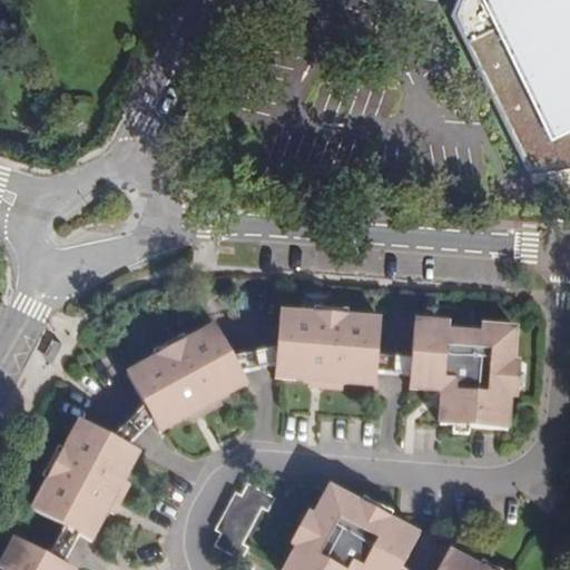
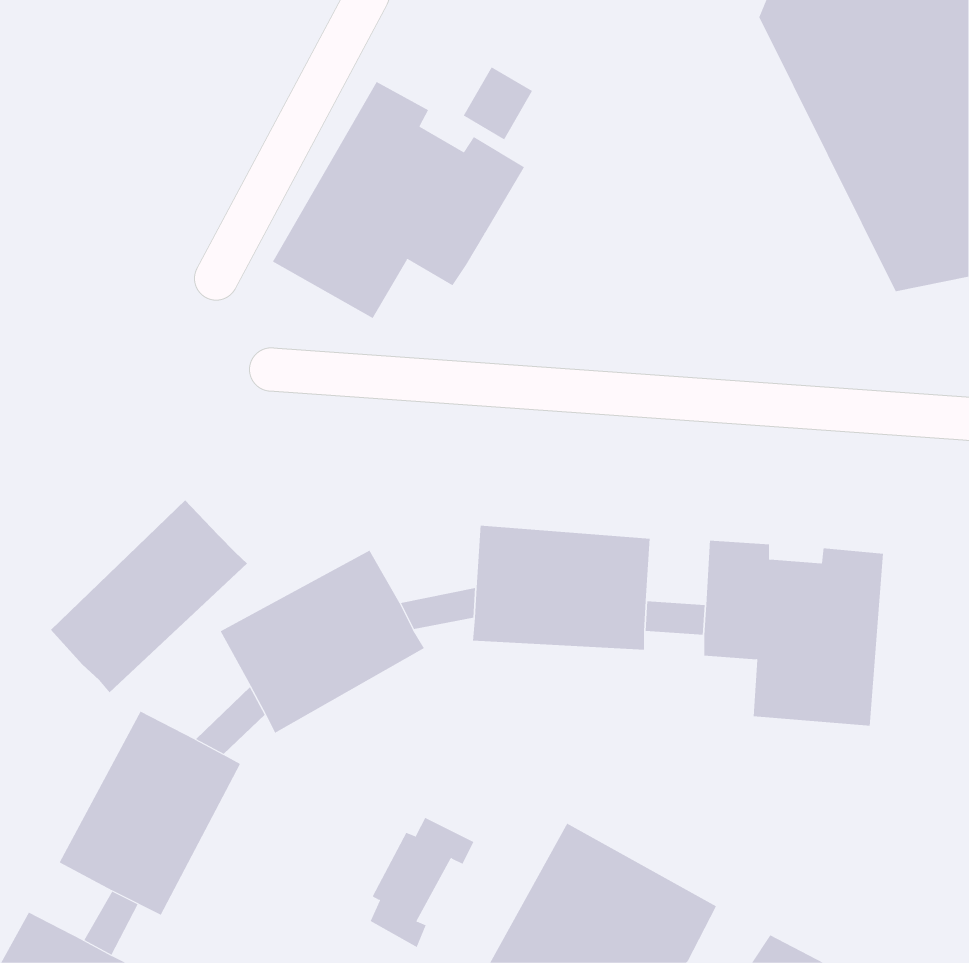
building: none -> [272,81,525,319]
building: none -> [50,500,248,693]

